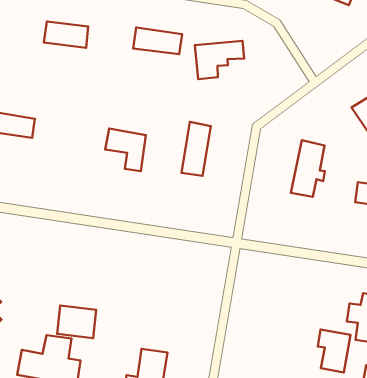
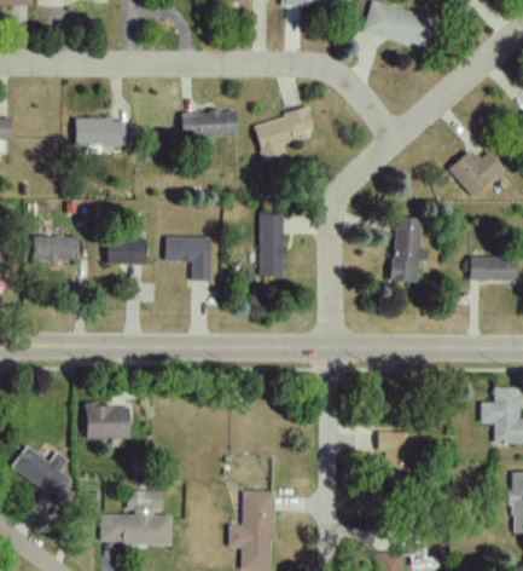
building: none -> [106,238,145,264]
building: [57,306,96,338] -> [86,404,130,439]
building: [318,329,350,373] -> [378,431,414,478]

